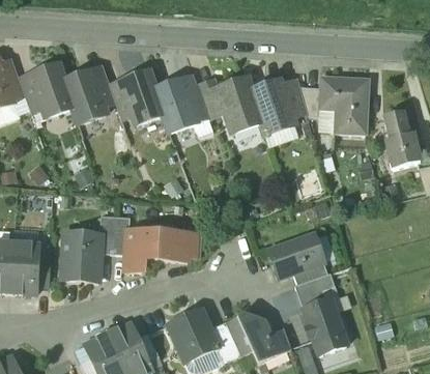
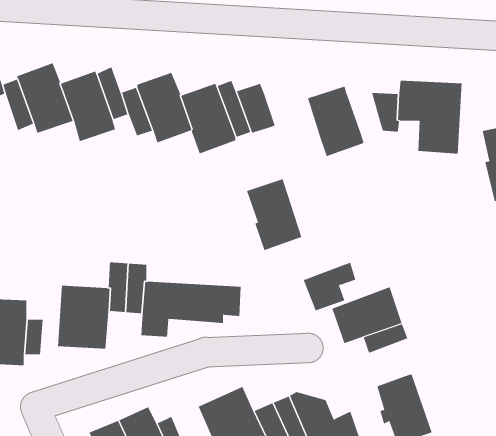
building: [219,77,261,132] -> [246,179,302,251]
building: [281,78,307,116] -> none
building: [294,270,335,308] -> [303,262,356,311]

